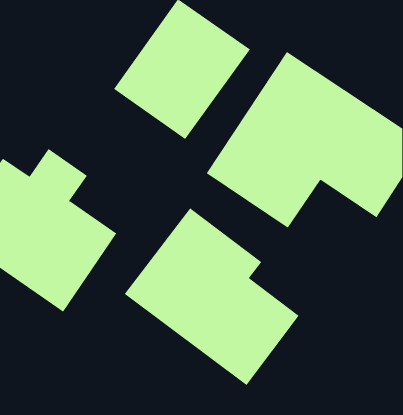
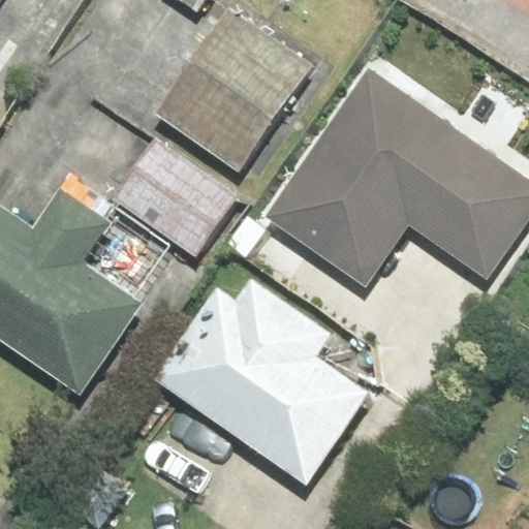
building: none -> [114,137,238,255]

